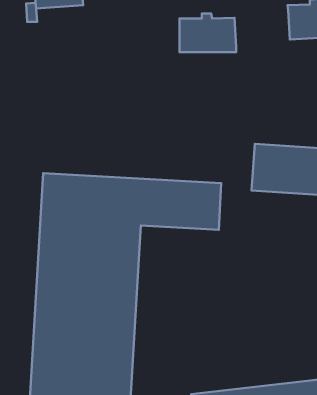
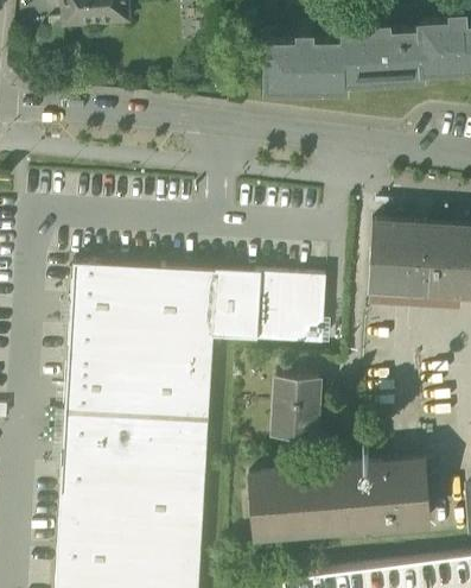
building: none -> [344,29,425,86]
building: none -> [274,375,320,438]
building: none -> [249,462,432,536]

